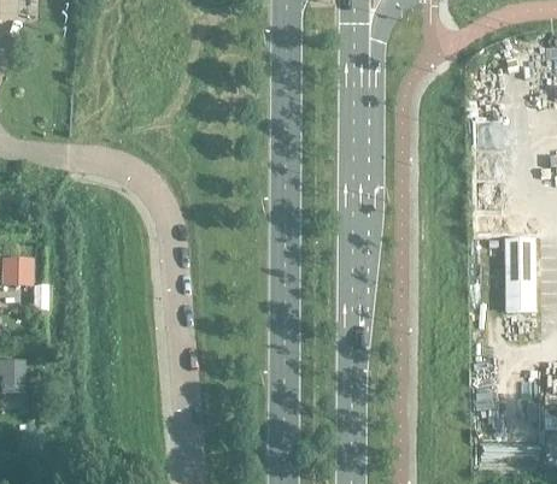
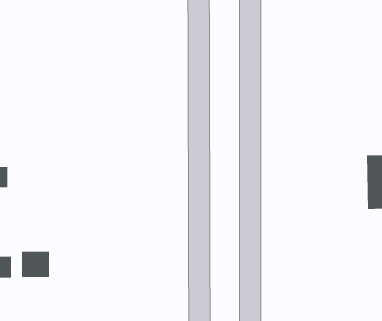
building: none -> [21,251,50,278]

